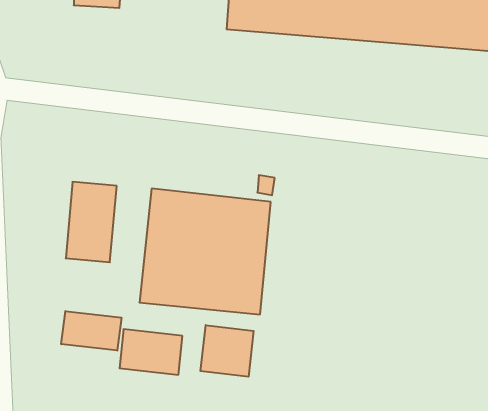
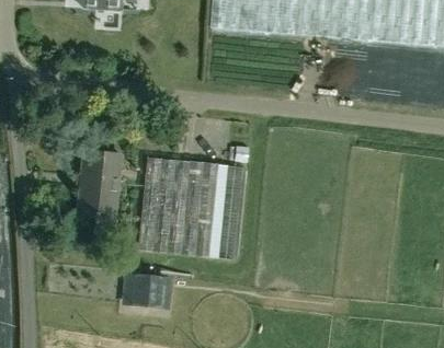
building: [61,311,121,351] -> none
building: [200,325,254,377] -> none

